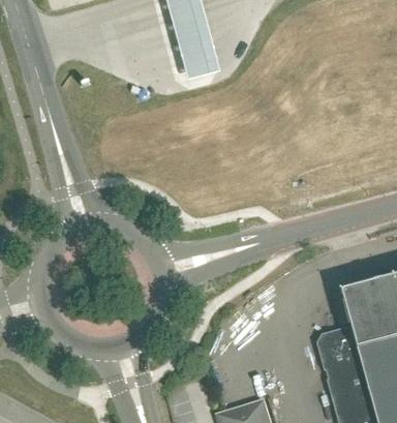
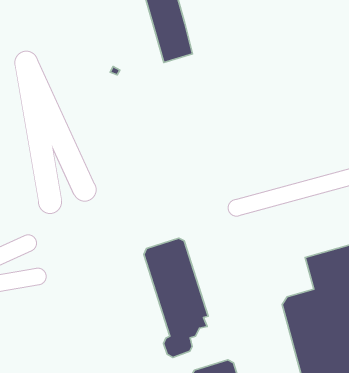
building: none -> [144,238,208,358]

